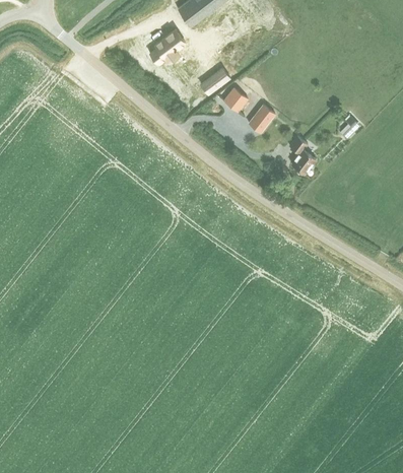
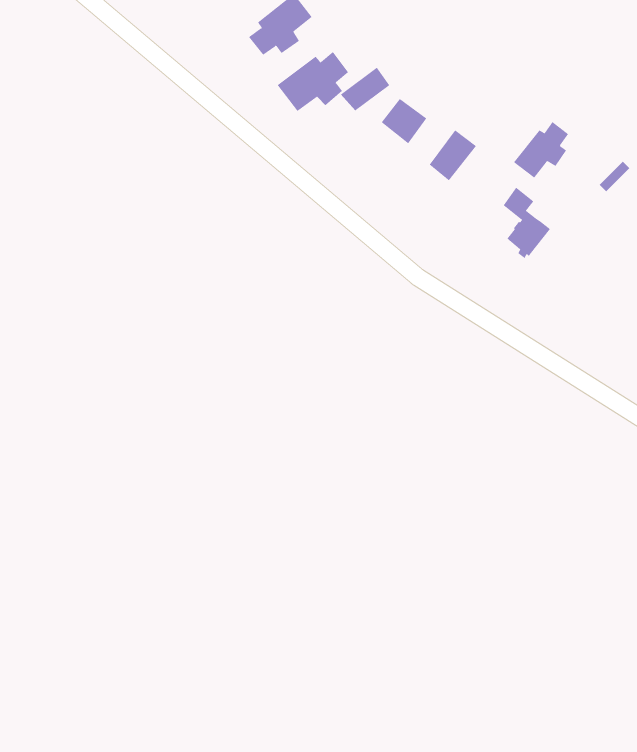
building: none -> [277,51,349,112]
building: none -> [513,121,569,178]

